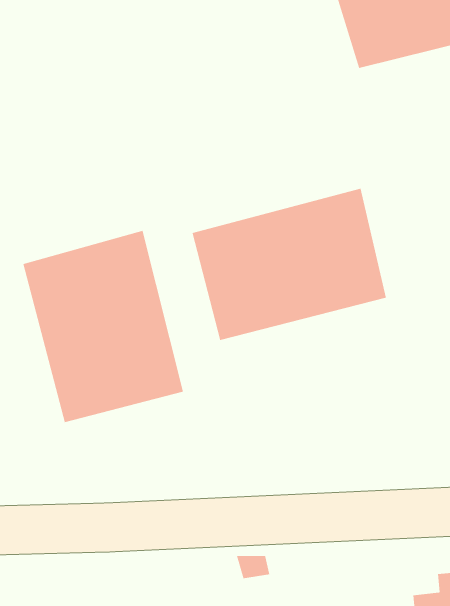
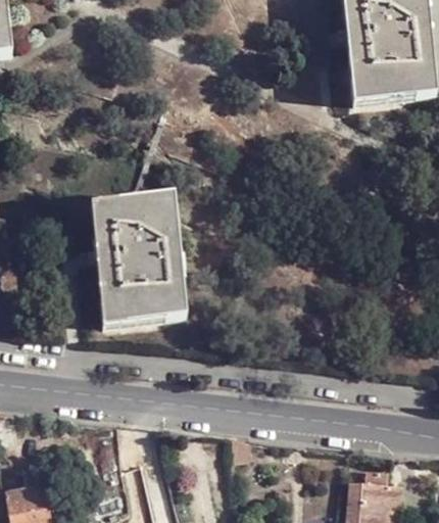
building: [192,188,387,341] -> none

